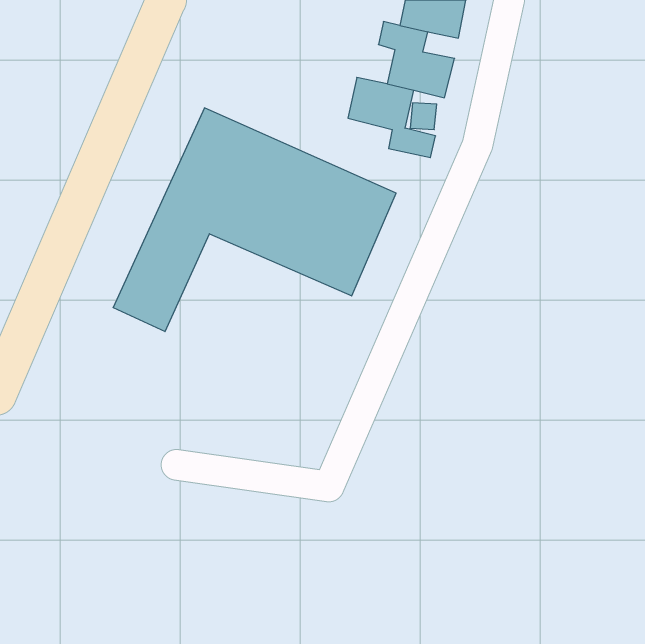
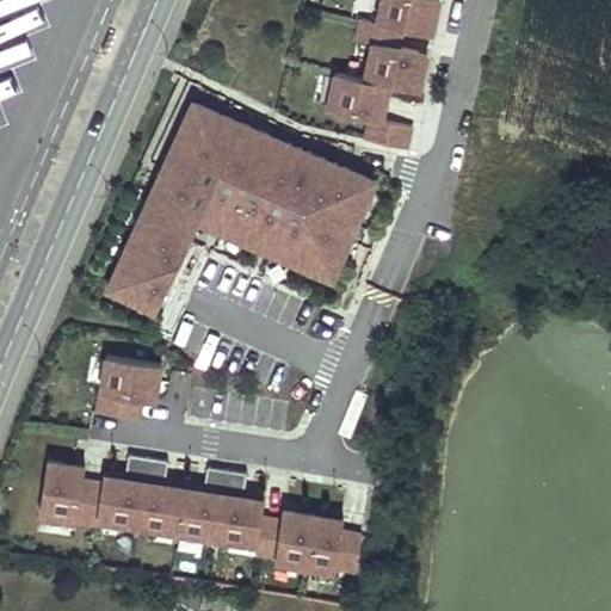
building: none -> [94,359,159,421]
building: none -> [37,457,359,570]

